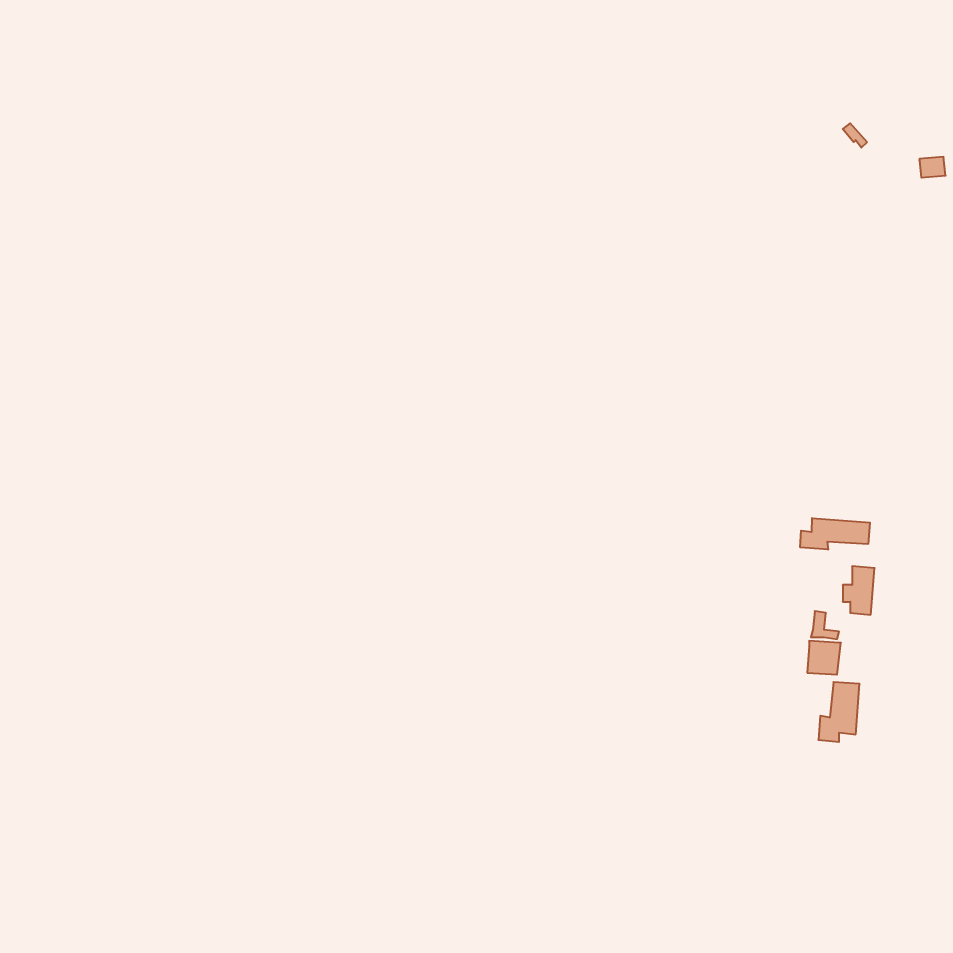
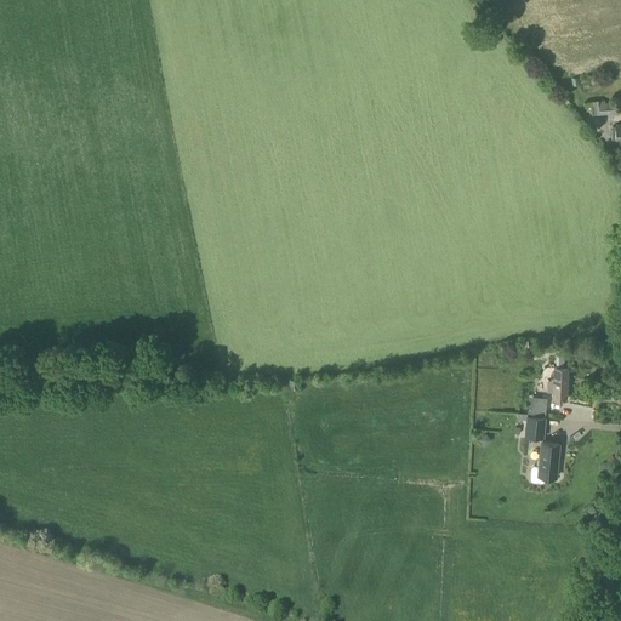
building: [800,518,870,550] -> none

